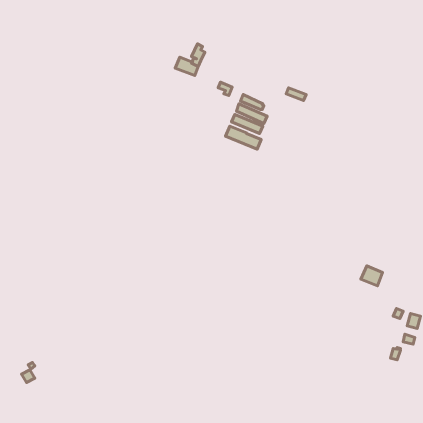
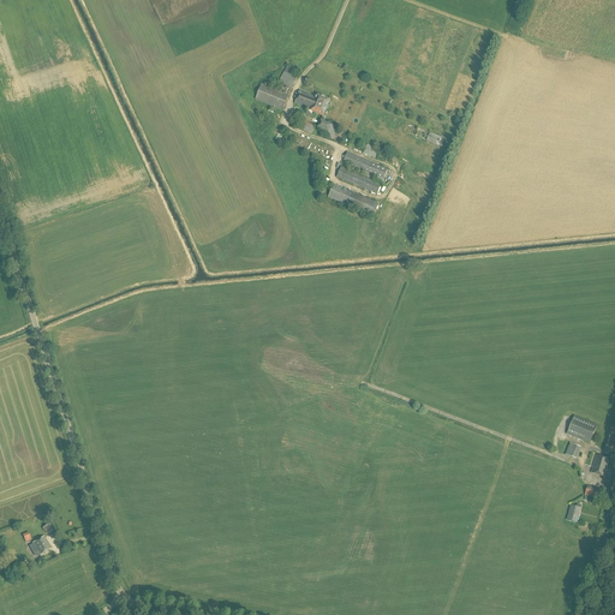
building: none -> [293,89,329,115]
building: [361,266,383,286] -> [565,414,596,443]

